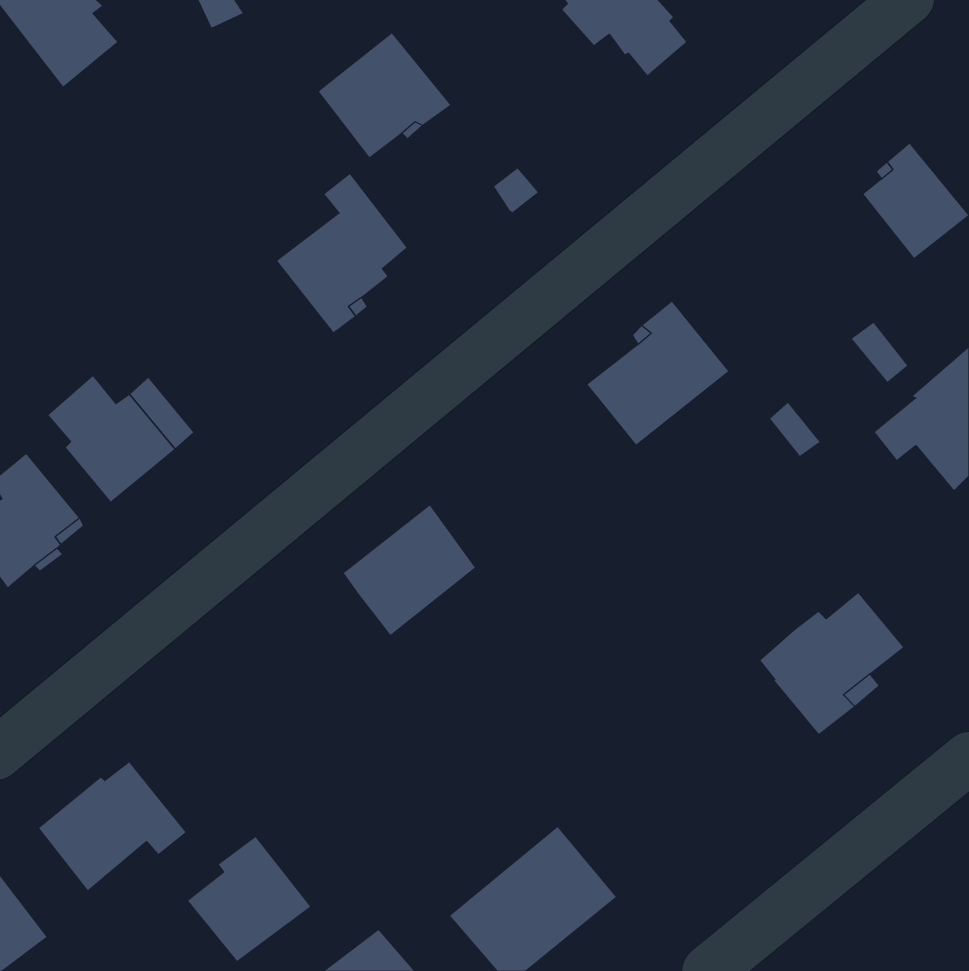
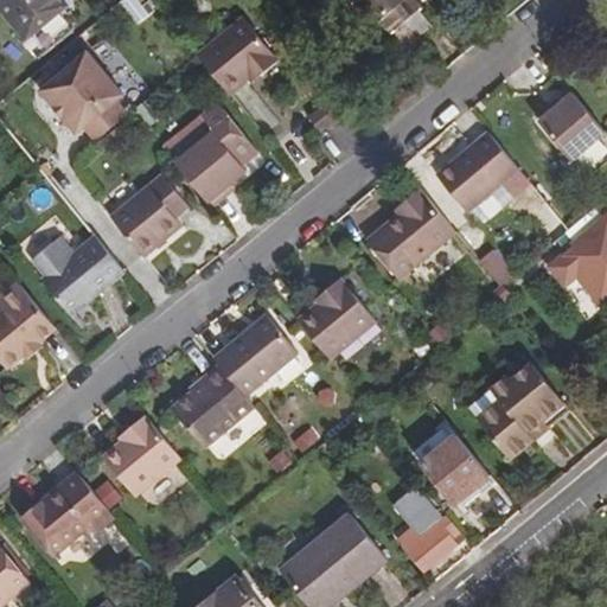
building: none -> [40,51,128,141]
building: none -> [439,130,517,206]
building: none -> [108,174,181,257]
building: none -> [295,277,373,358]
building: none -> [174,370,254,447]
building: none -> [422,434,488,503]
building: none -> [386,480,464,568]
building: [187,836,311,962] -> [104,415,181,493]

